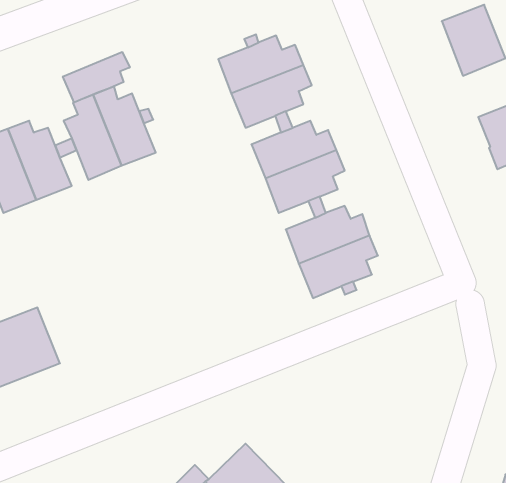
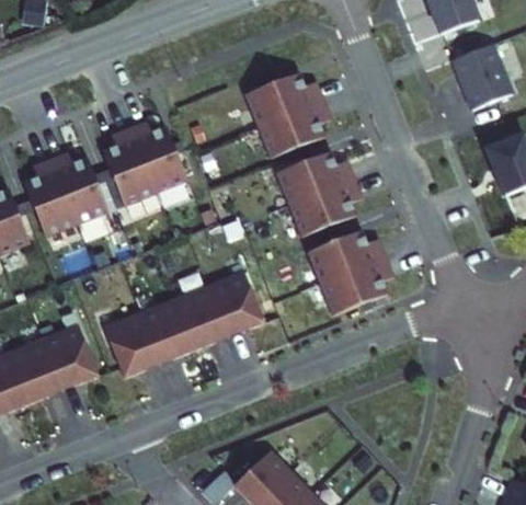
building: [63,52,130,102] -> none
building: none -> [103,271,264,377]

